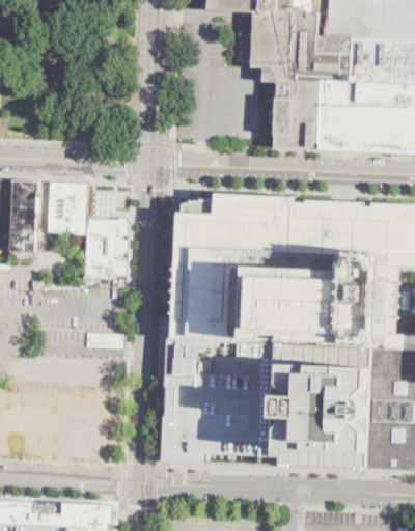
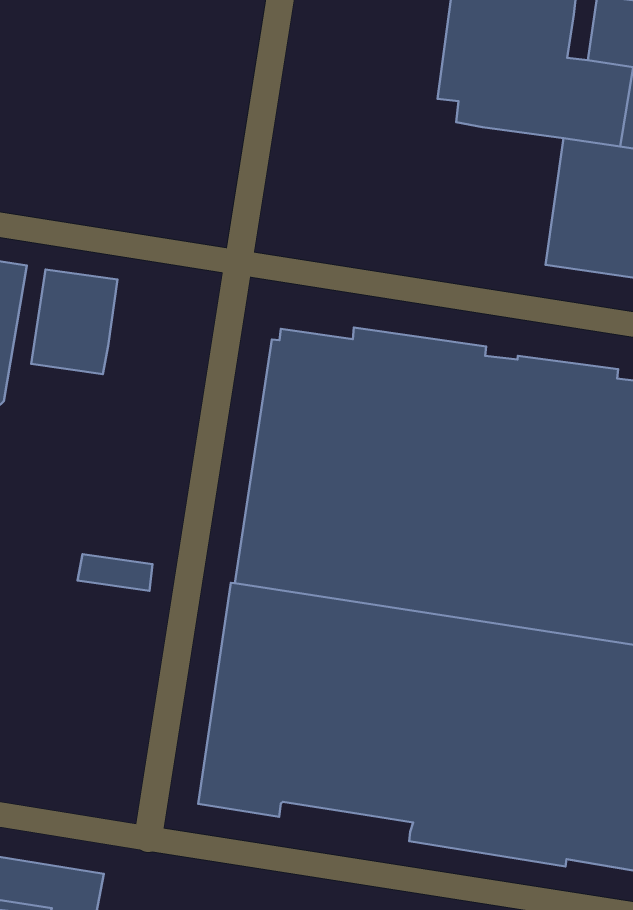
building: [273,78,320,148] -> none
building: [83,218,129,279] -> none

